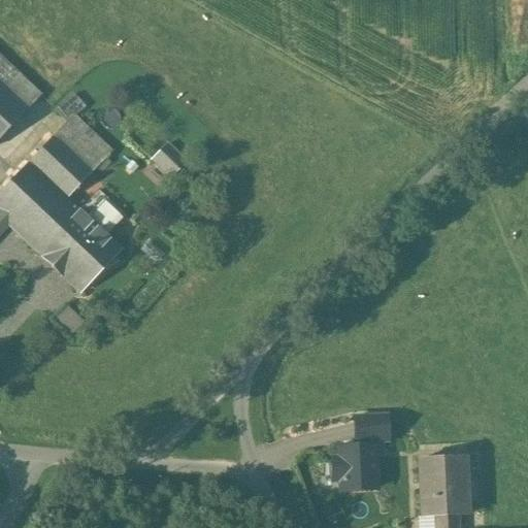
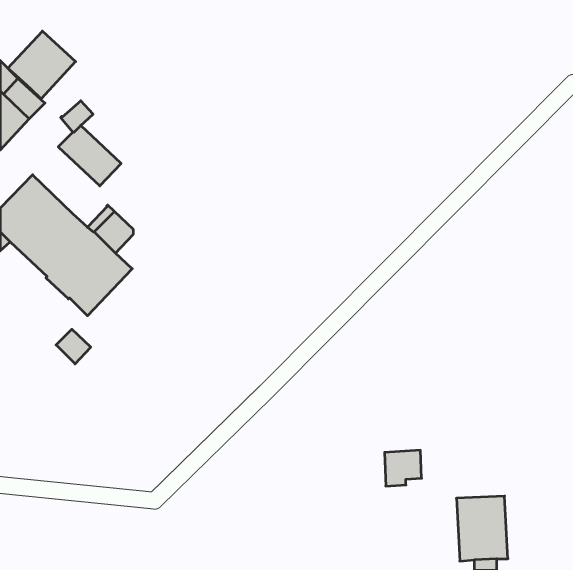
building: none -> [8,31,76,99]
building: [30,135,92,197] -> none
building: [153,142,187,175] -> none
building: [332,447,375,490] -> none

